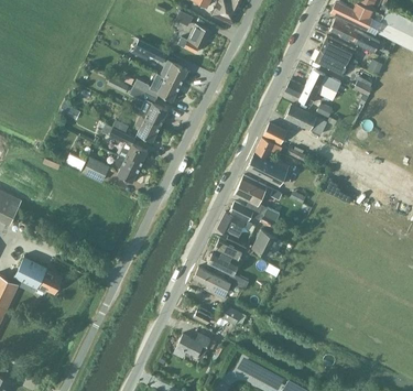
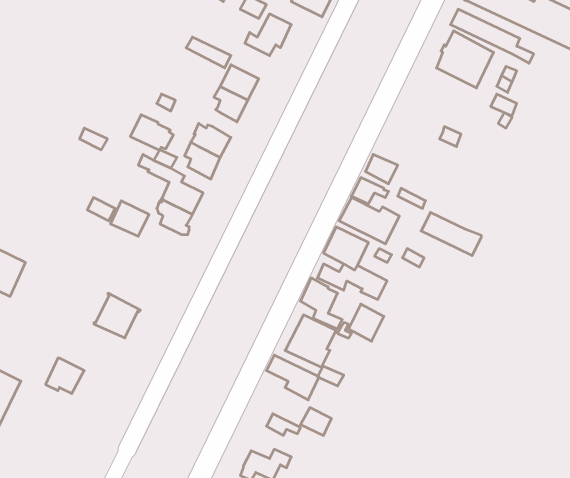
building: [284,69,339,105] -> none
building: [129,79,160,105] -> [130,115,173,150]
building: [284,105,327,135] -> [421,212,481,256]
building: [13,256,46,287] -> [94,293,140,338]

